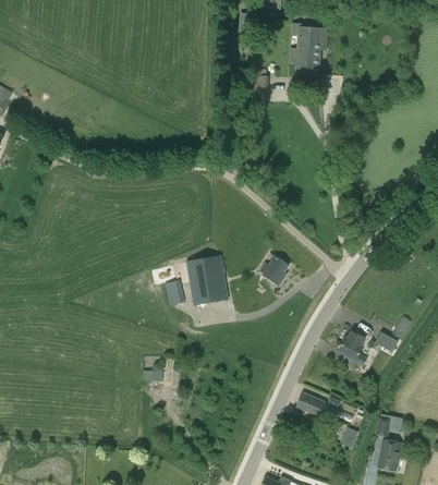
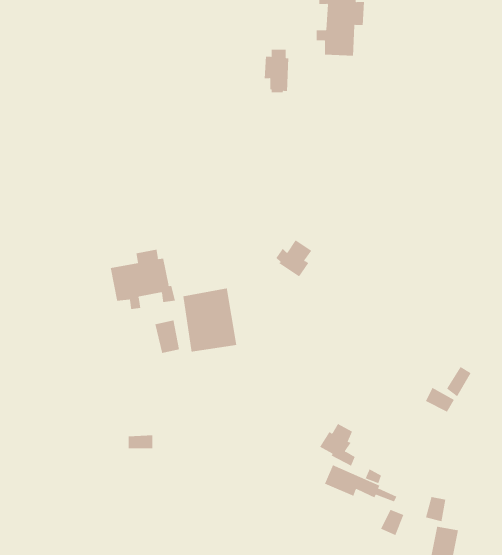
building: none -> [110,249,175,310]
building: [260,255,289,284] -> [276,239,312,277]
building: [339,331,367,365] -> [319,423,356,467]

